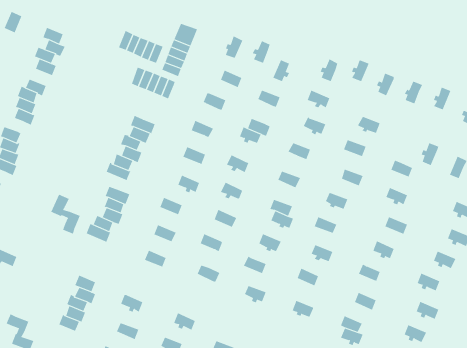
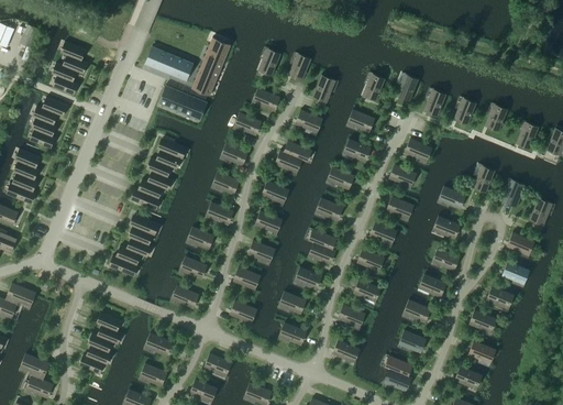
building: [51,194,81,235] -> none

